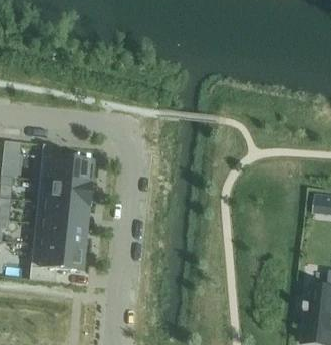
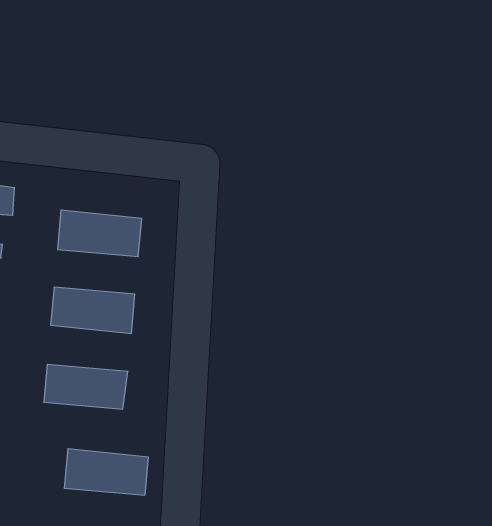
building: [42,178,91,204] -> none
building: [38,222,87,249] -> [64,449,148,495]

